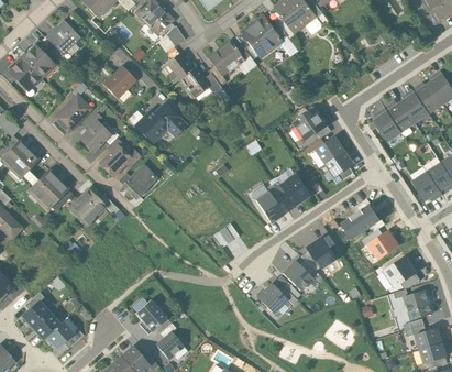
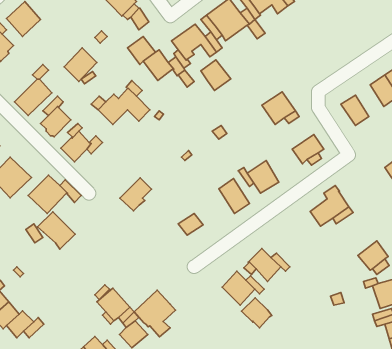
building: none -> [201,60,231,91]
building: [386,101,414,132] -> none
building: [316,135,345,164] -> none
building: [122,165,153,197] -> [120,178,152,211]
building: none -> [38,212,75,249]
building: [368,231,399,260] -> none
building: [307,233,339,267] -> none
building: none -> [134,290,176,337]
building: none -> [242,298,272,328]

